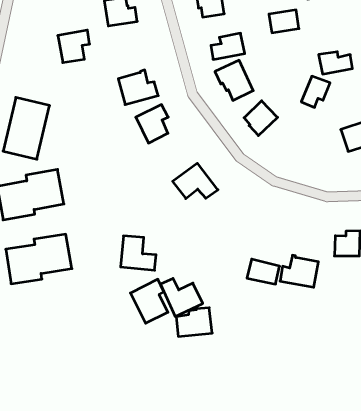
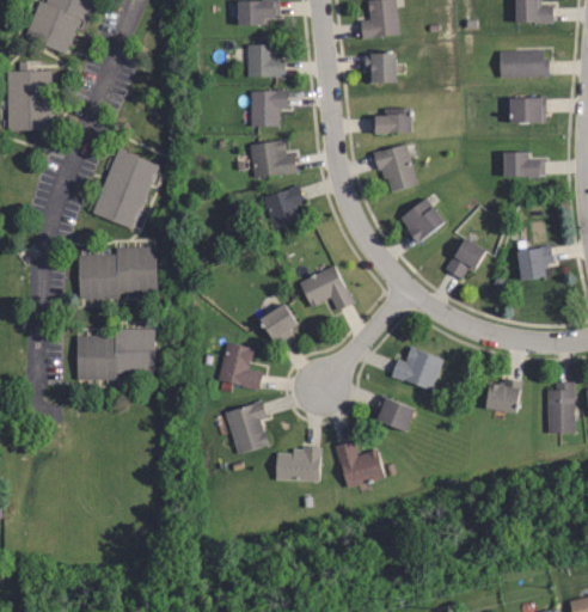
building: [269,10,299,33] -> [512,98,546,122]
building: [58,30,90,63] -> [251,90,289,126]
building: [301,76,330,107] -> [447,239,486,279]
building: none -> [257,301,295,344]
building: [280,255,318,287] -> [388,344,440,388]
building: [161,278,203,316] -> [335,439,384,486]

